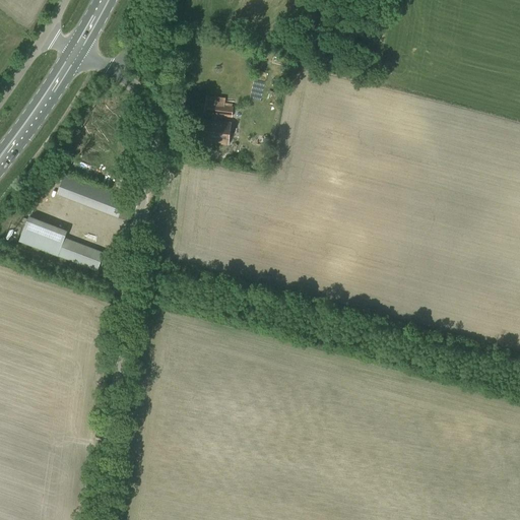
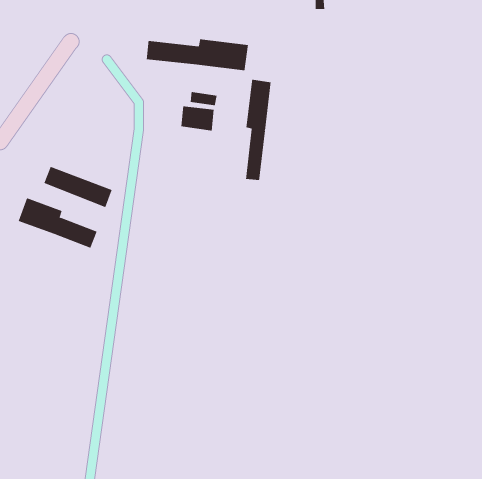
building: none -> [146,38,249,71]
building: none -> [245,79,271,181]

